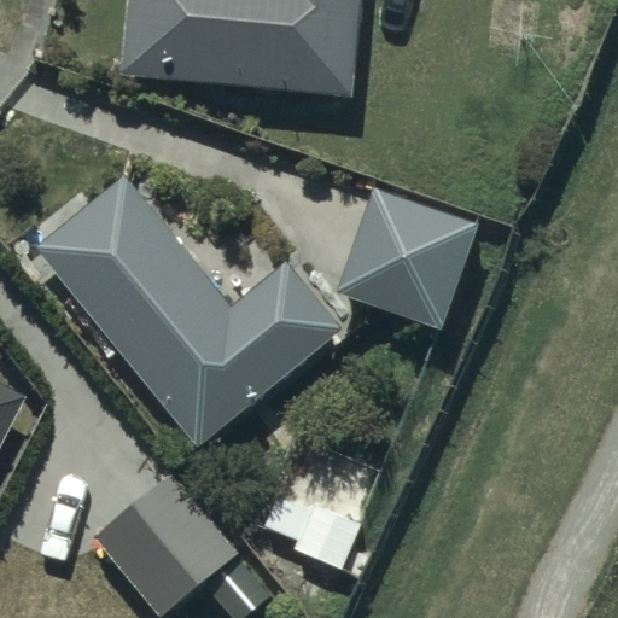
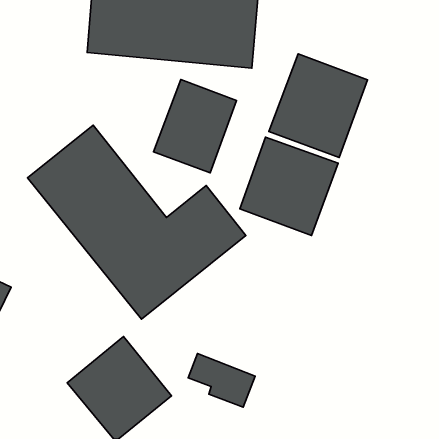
building: none -> [269,54,368,158]
building: none -> [153,79,237,173]

